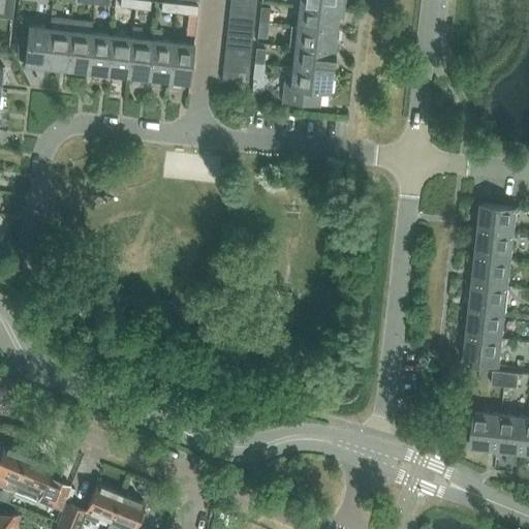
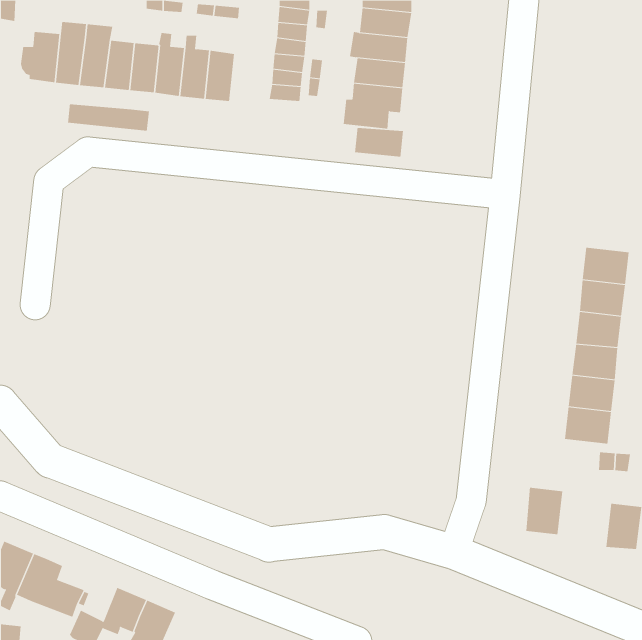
building: none -> [68,104,149,132]
building: none -> [355,127,404,157]
building: [471,412,502,452] -> [525,487,563,535]

